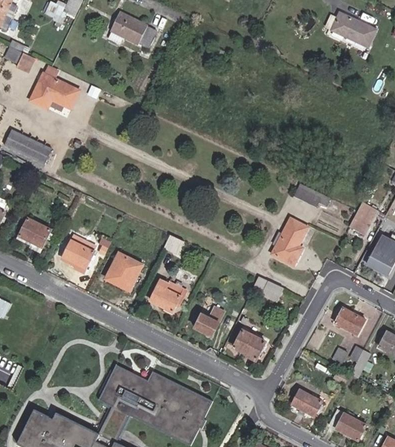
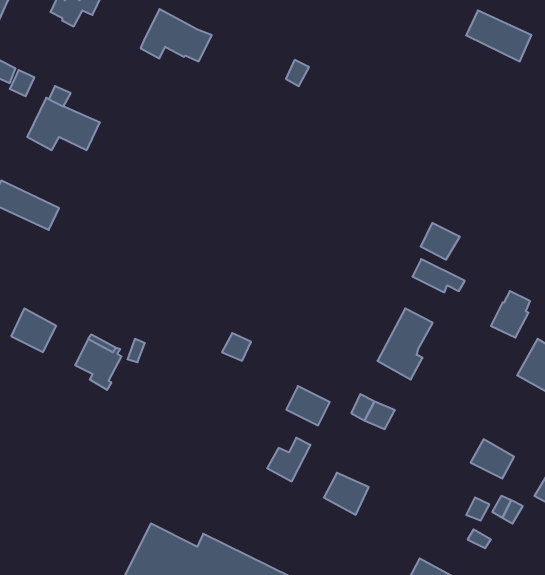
building: none -> [421,223,460,260]
building: [105,252,141,289] -> none
building: [150,284,180,311] -> [286,386,330,425]

